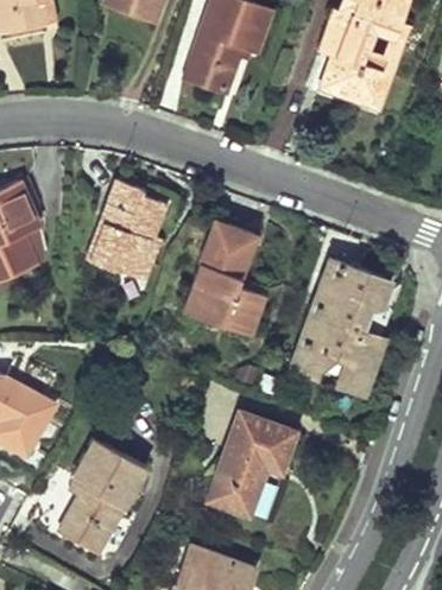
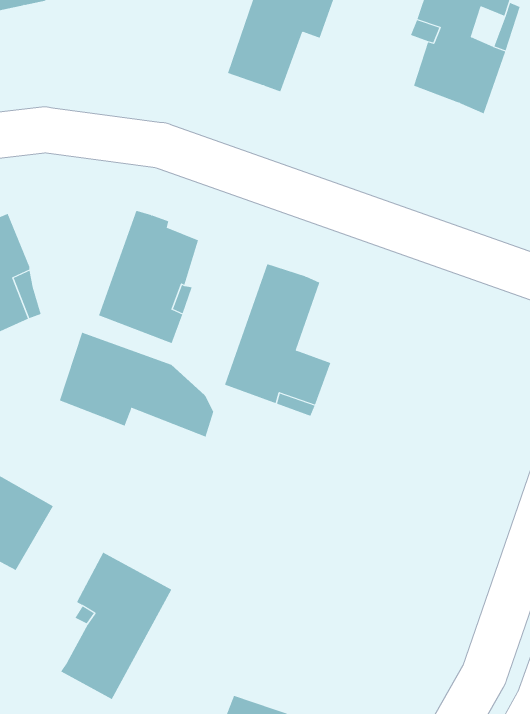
building: [292,260,387,393] -> none
building: none -> [59,332,214,437]
building: [207,413,295,516] -> none

